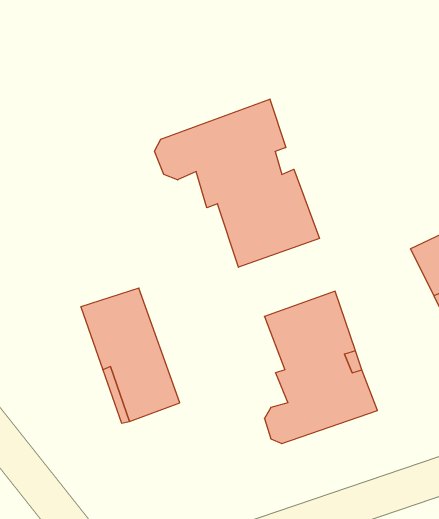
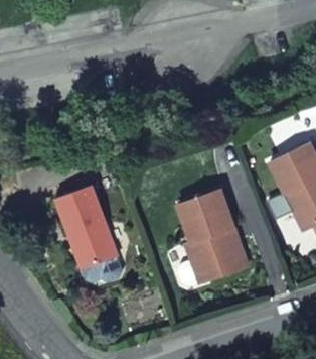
building: [155,99,319,267] -> none

